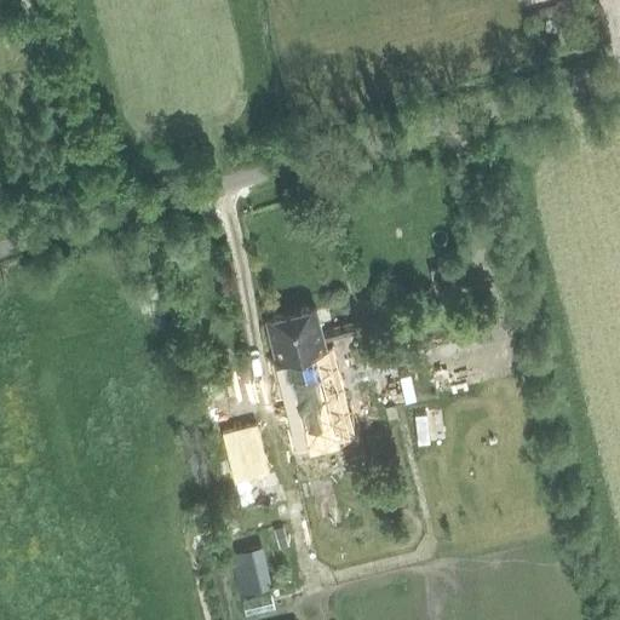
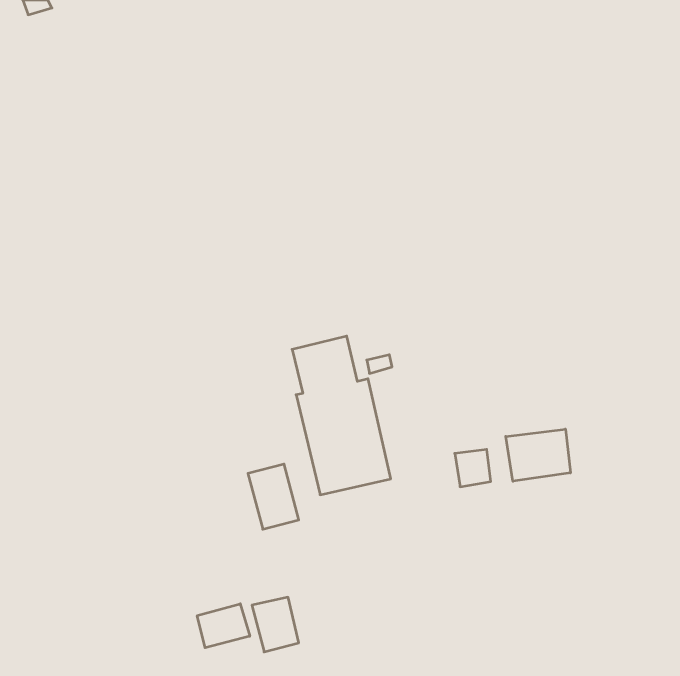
building: none -> [506,429,570,481]
building: none -> [197,604,250,648]

